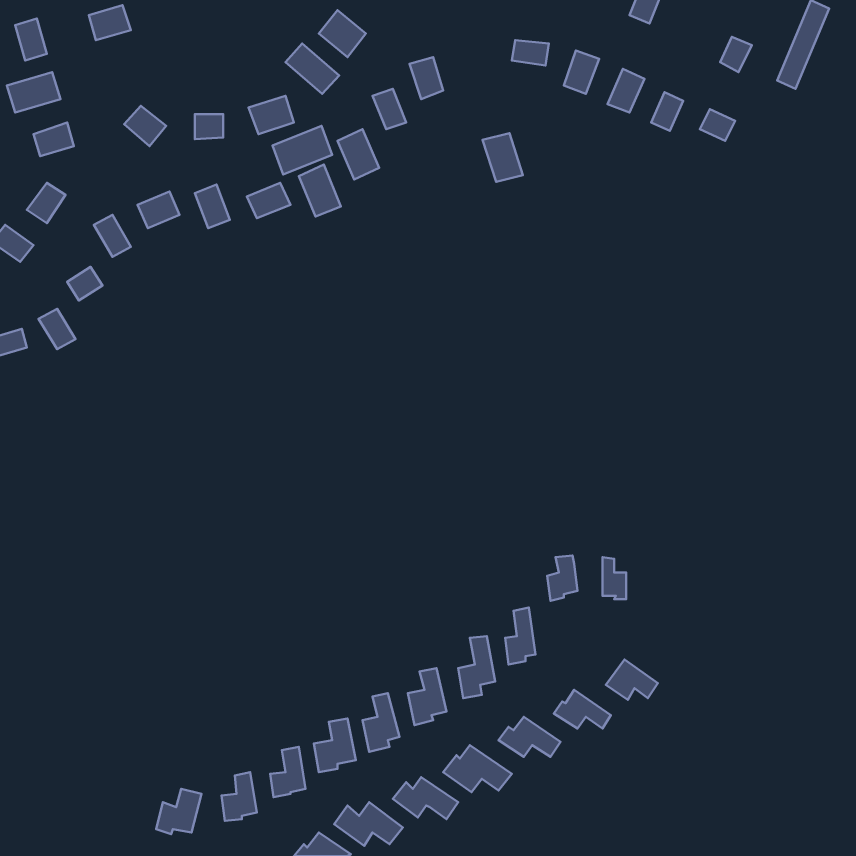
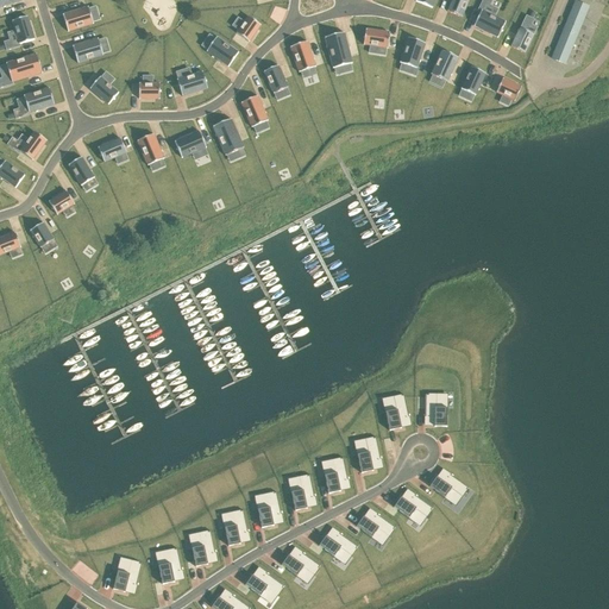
building: none -> [473,8,506,37]
building: none -> [71,36,103,62]
building: [272,126,332,175] -> none
building: [483,133,523,182] -> [324,31,352,65]

